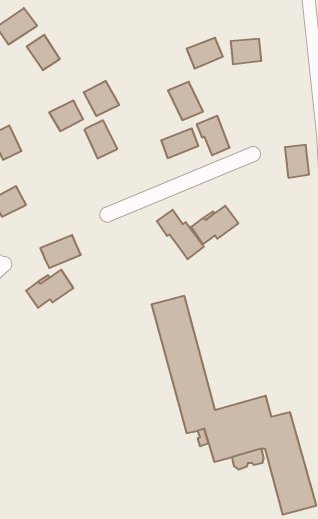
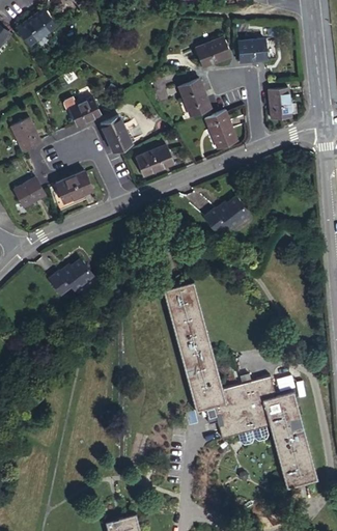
building: [27,35,60,70] -> none
building: [84,81,119,116] -> none
building: [161,128,198,158] -> [137,146,172,174]
building: [285,145,309,178] -> [268,88,290,119]
building: [157,210,204,259] -> none
building: [40,235,81,268] -> [54,171,92,202]

